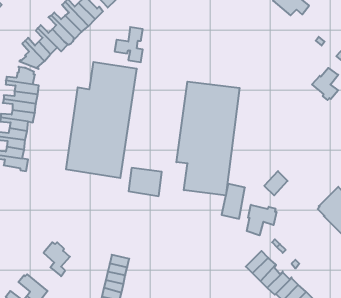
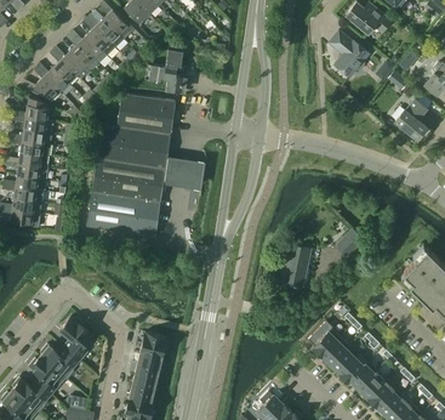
building: none -> [329,30,369,75]
building: [176,82,240,196] -> none
building: [129,168,162,196] -> [164,155,205,191]
building: [247,205,277,235] -> none
building: none -> [39,344,79,378]

